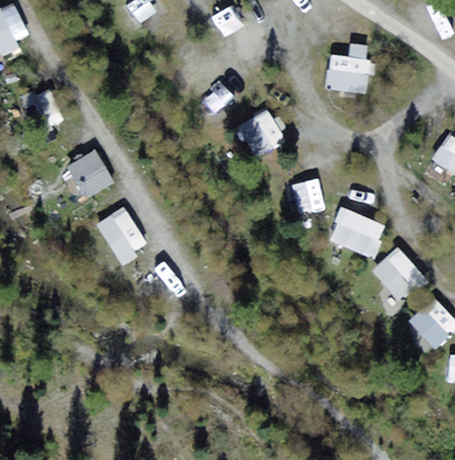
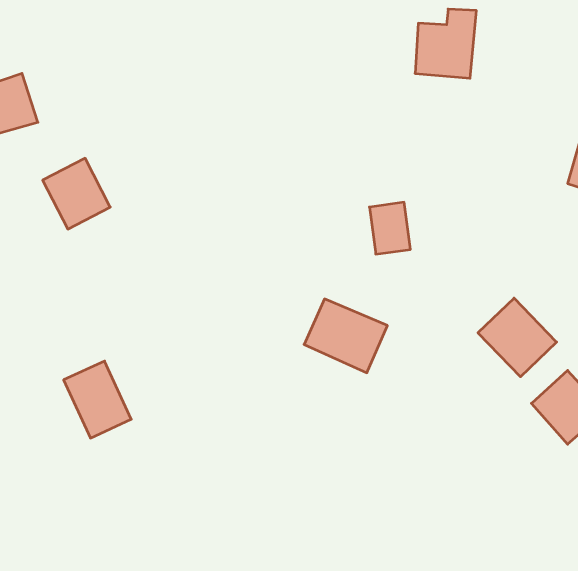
building: [237,111,283,158] -> none
building: [97,207,145,261] -> [64,361,131,438]
building: [328,207,387,259] -> [304,299,387,373]

